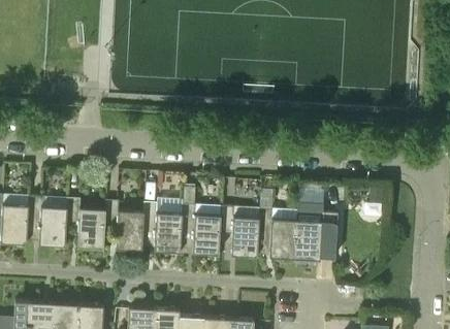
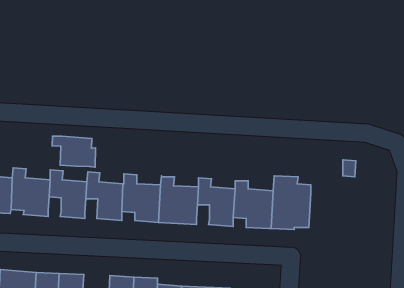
building: none -> [52,136,95,167]

